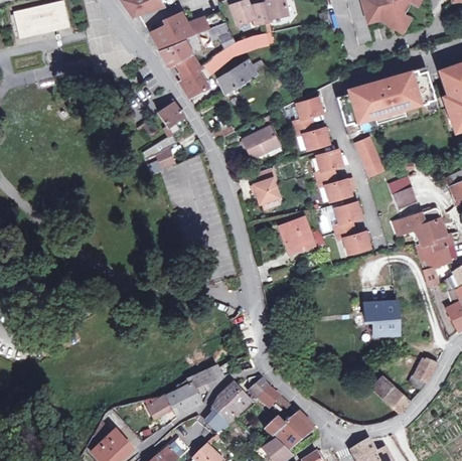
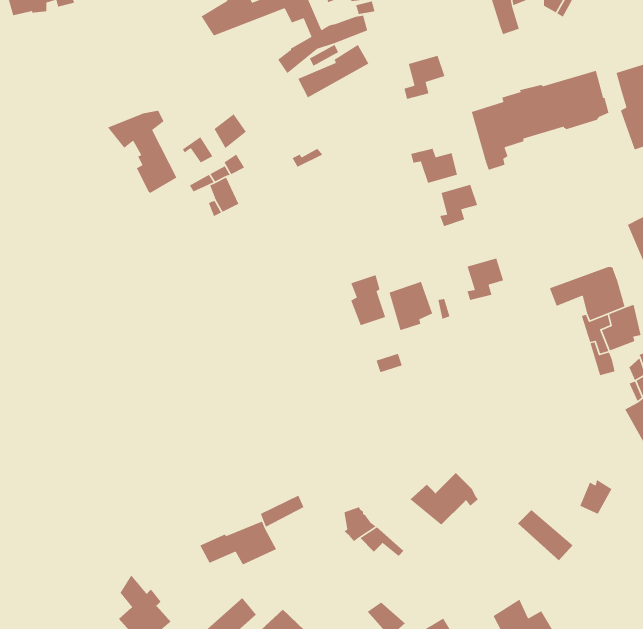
building: [159,39,208,98] -> [107,110,178,194]
building: [293,98,322,129] -> [404,55,445,100]
building: [242,124,278,157] -> none
building: [355,137,384,177] -> none
building: [253,166,278,202] -> [350,274,386,326]
building: [318,175,350,201] -> none
building: [389,176,416,209] -> none
building: [336,227,369,254] -> none
building: [363,300,399,334] -> none
building: [206,383,250,434] -> none
building: [267,411,315,448] -> [409,472,479,526]

